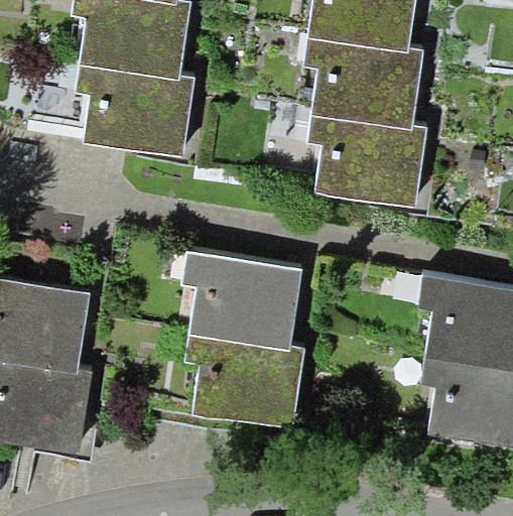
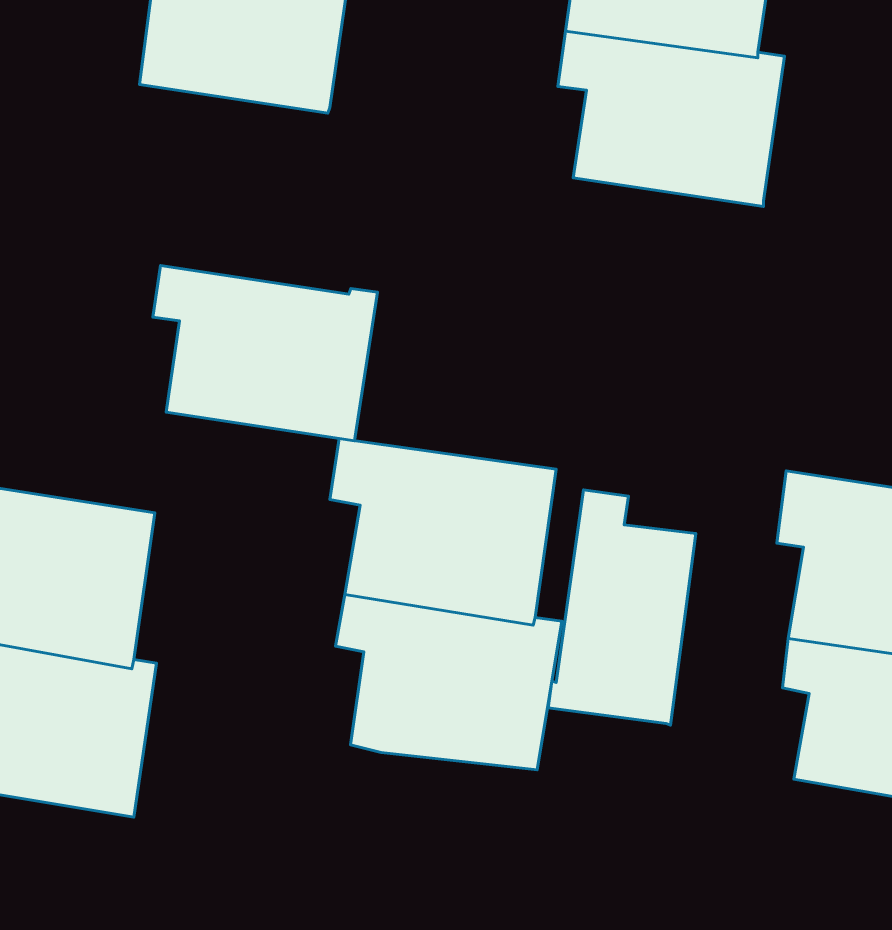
building: [77,64,196,157] -> [153,266,377,441]
building: [305,114,426,206] -> none
building: none -> [548,490,696,725]

